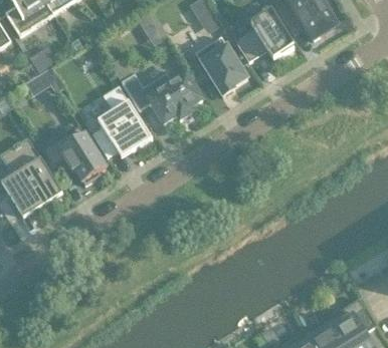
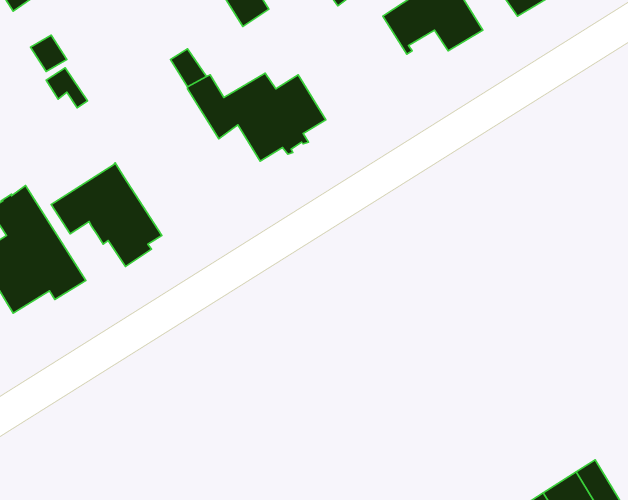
building: [195,36,246,95] -> none
building: [91,85,151,157] -> none

